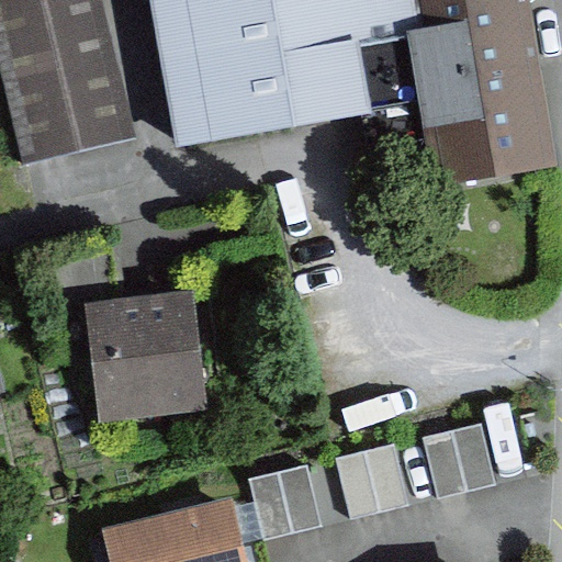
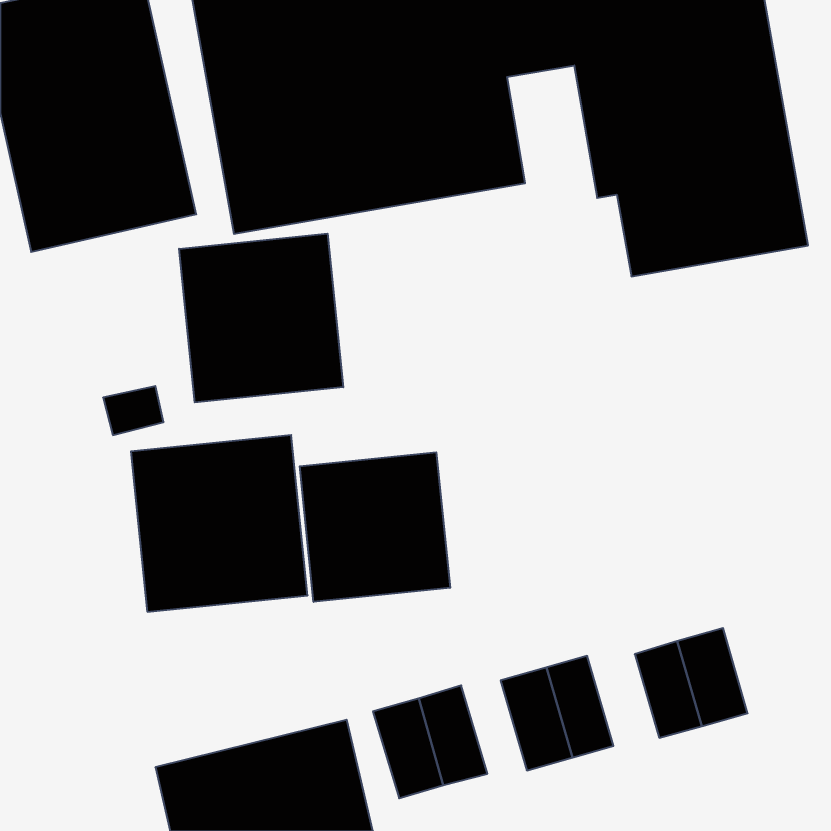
building: none -> [179,234,343,402]
building: none -> [300,452,450,602]

